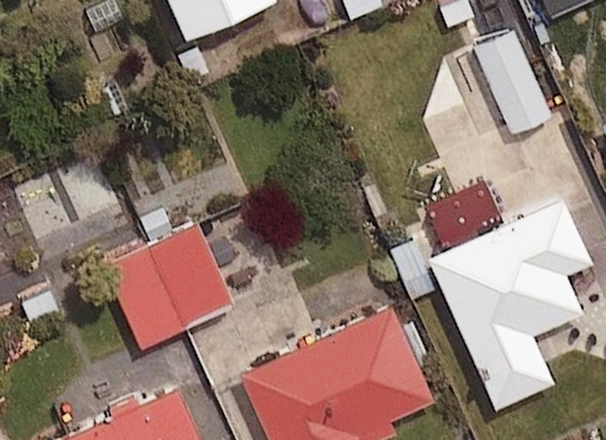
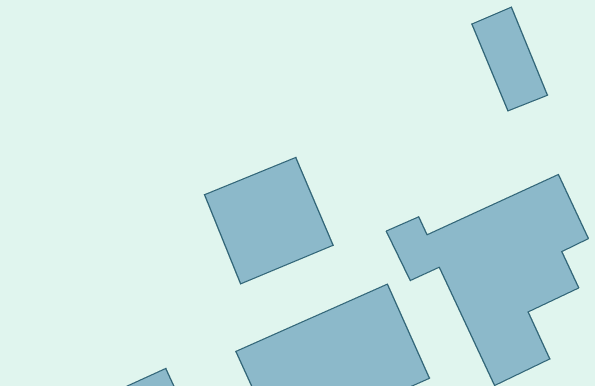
building: [106,230,234,355] -> [204,157,333,284]

